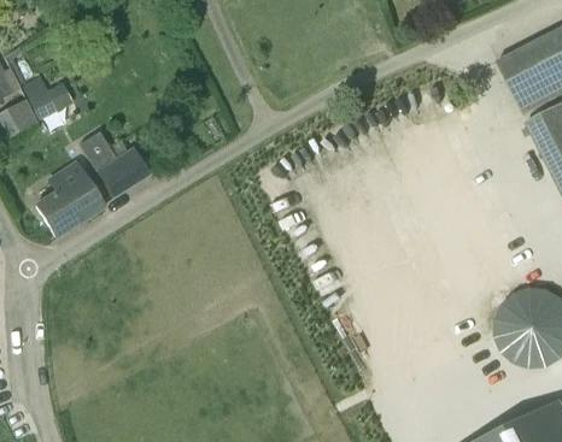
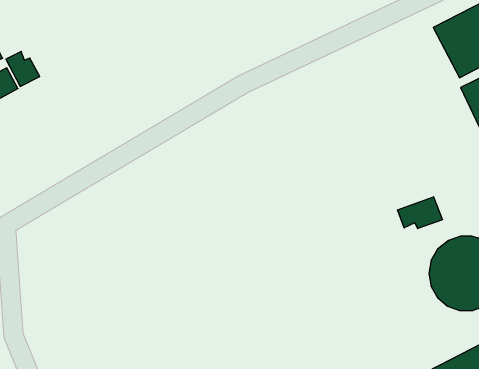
building: [82,139,152,201] -> none
building: [39,166,103,237] -> none
building: none -> [397,197,442,229]

